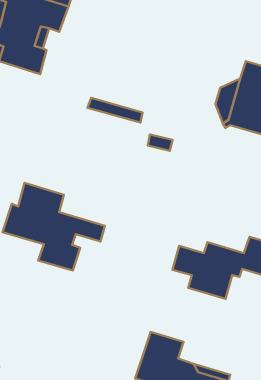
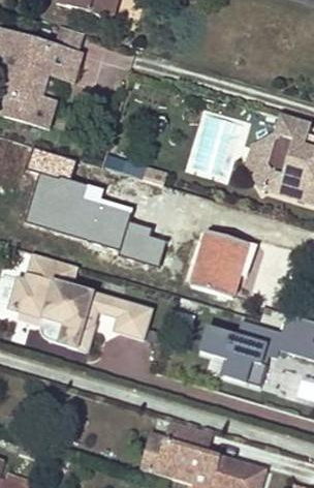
building: none -> [24,148,165,266]
building: none -> [193,225,251,293]
building: none -> [115,302,153,340]

